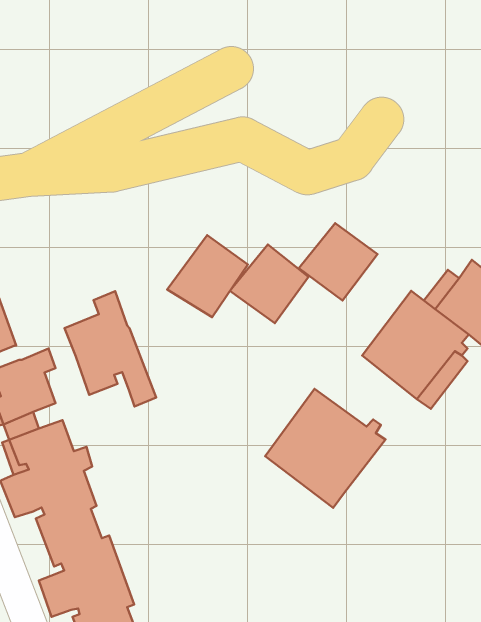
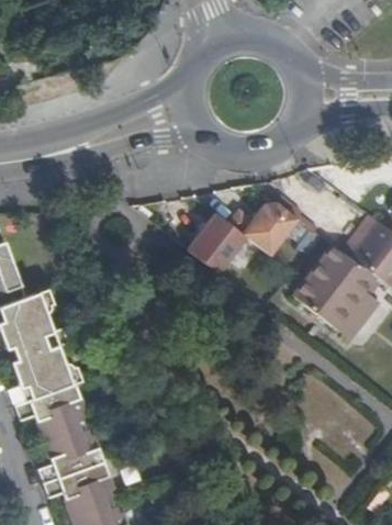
building: [167,235,248,317] -> none
building: [65,291,156,407] -> none
building: [265,389,385,508] -> none

